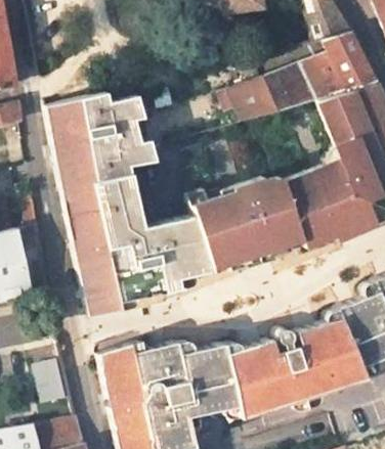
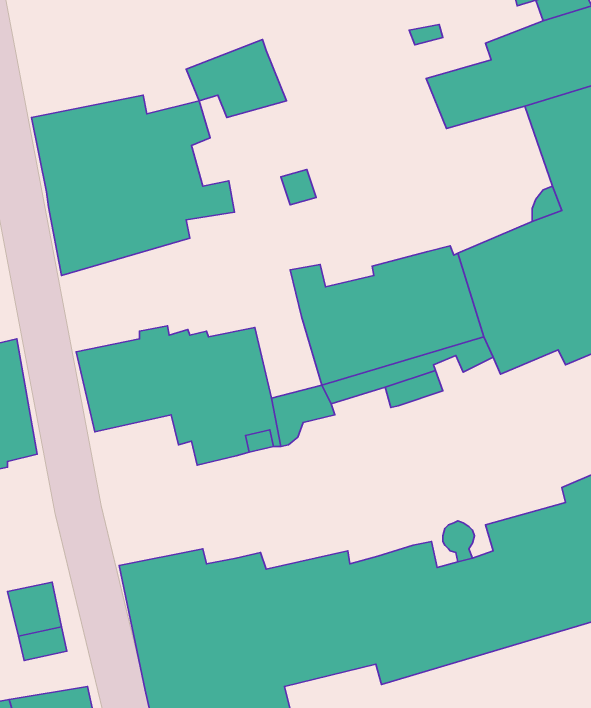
building: [220,78,275,121] -> [186,39,287,117]
building: [63,172,143,234] -> none
building: [170,215,207,260] -> none
building: [82,269,138,315] -> none

